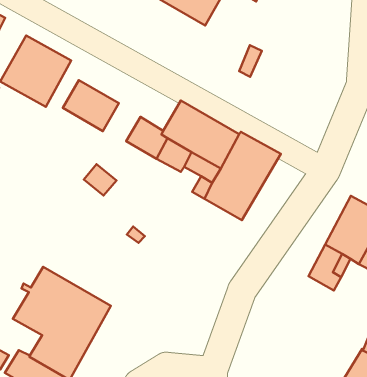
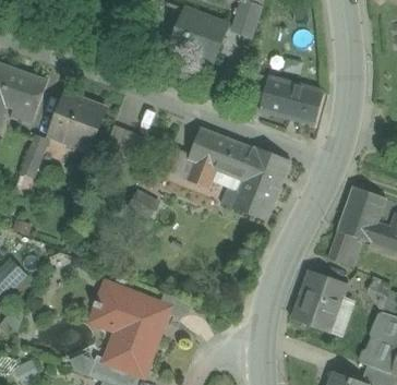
building: none -> [258,77,321,124]
building: none -> [292,269,347,332]

